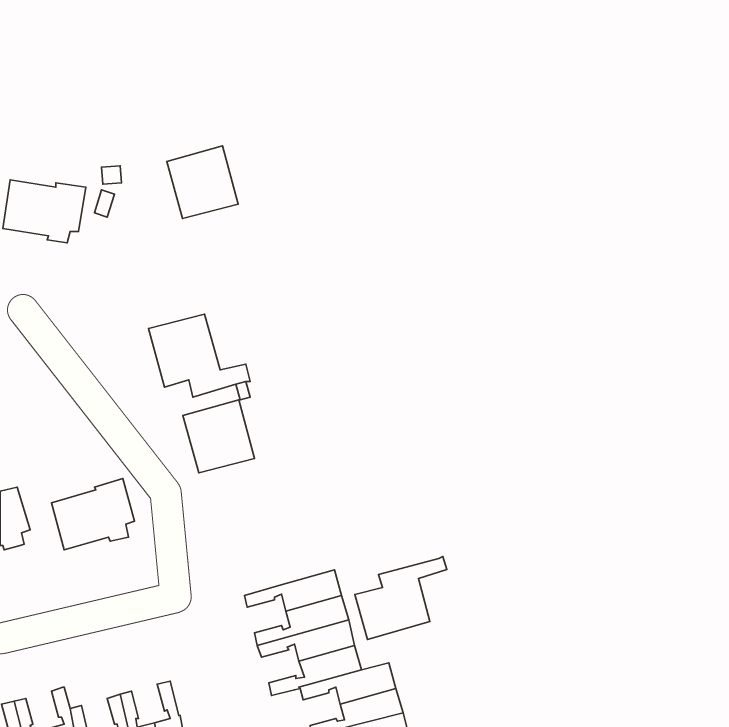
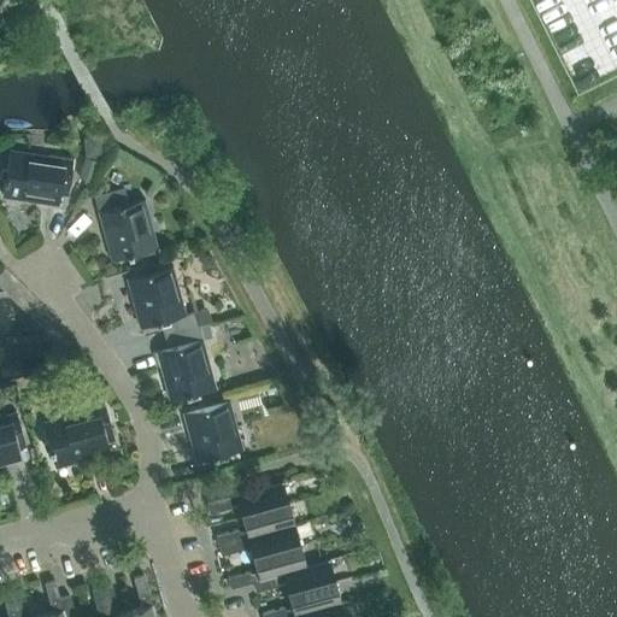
building: [167,146,238,219] -> [98,200,158,262]
building: none -> [183,401,243,464]
building: [355,557,447,640] -> none

